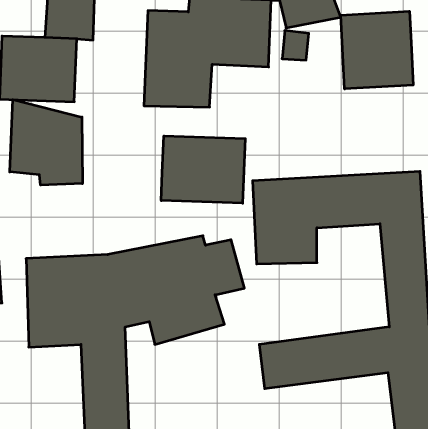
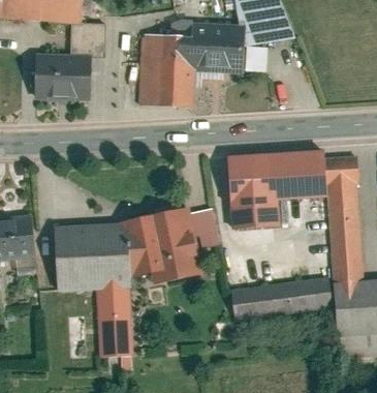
building: [341,11,413,89] -> none
building: [10,100,82,185] -> none
building: [161,136,245,203] -> none

